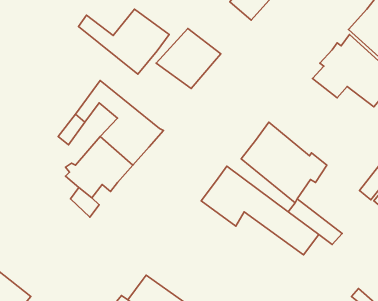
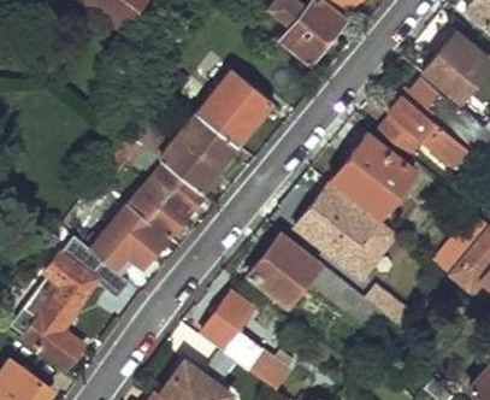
building: [78,9,169,74] -> [129,112,236,189]
building: none -> [333,134,415,214]
building: none -> [22,251,98,365]
building: none -> [203,290,283,387]

